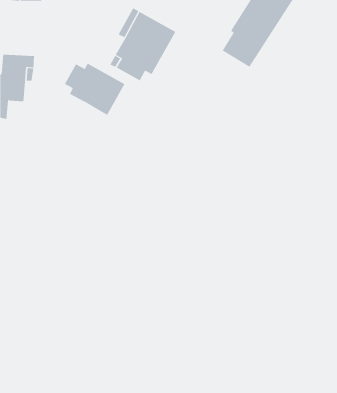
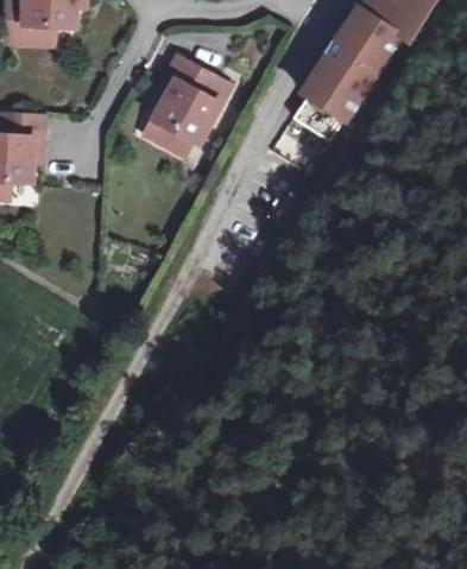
building: [64,63,125,116] -> none

